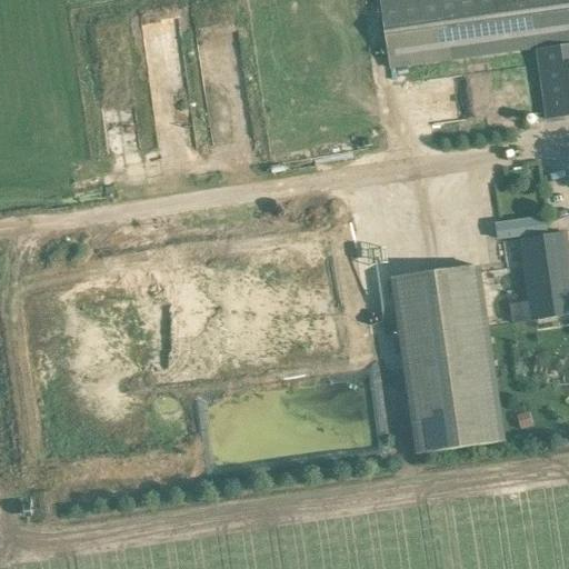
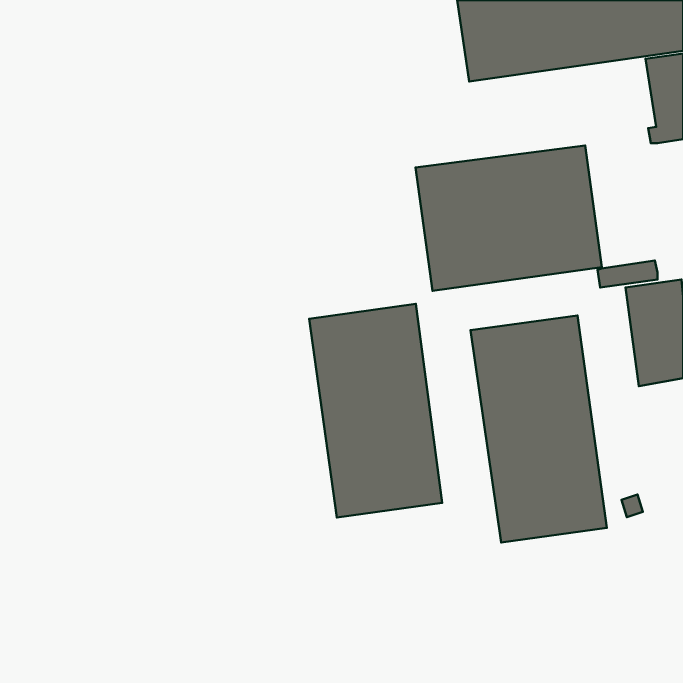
building: none -> [415,146,602,291]
building: none -> [309,304,442,517]

